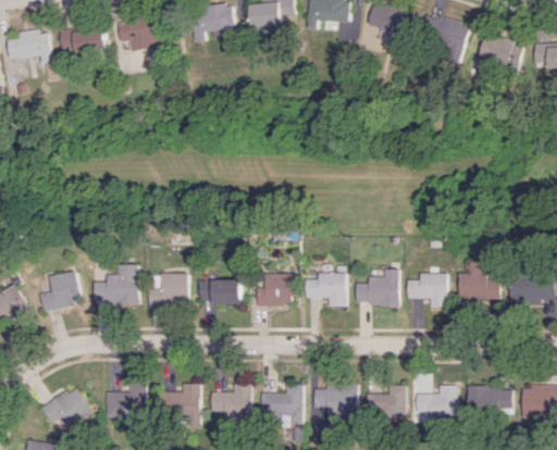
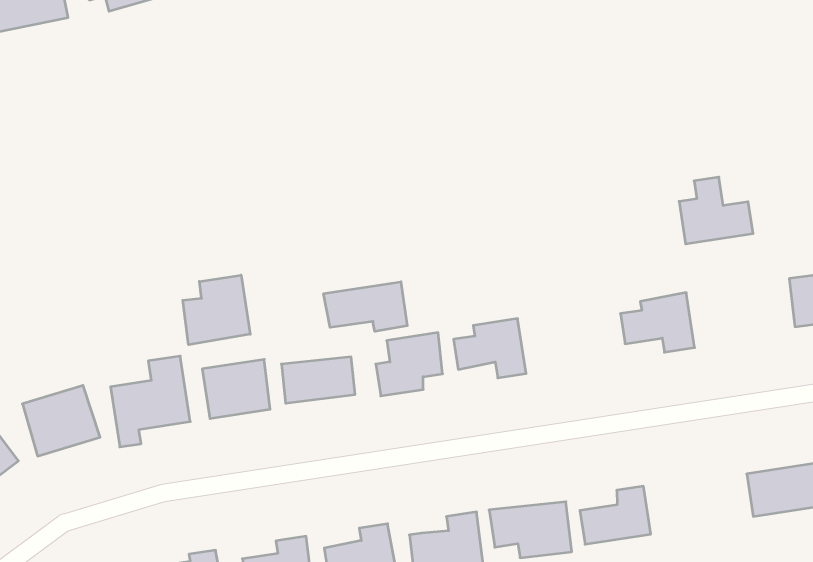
building: none -> [183,275,250,345]
building: none -> [324,282,407,331]
building: [461,262,503,299] -> [679,177,753,244]
building: [356,268,401,304] -> none
building: [418,384,459,418] -> none

